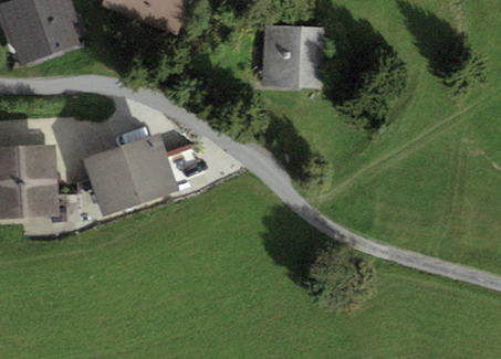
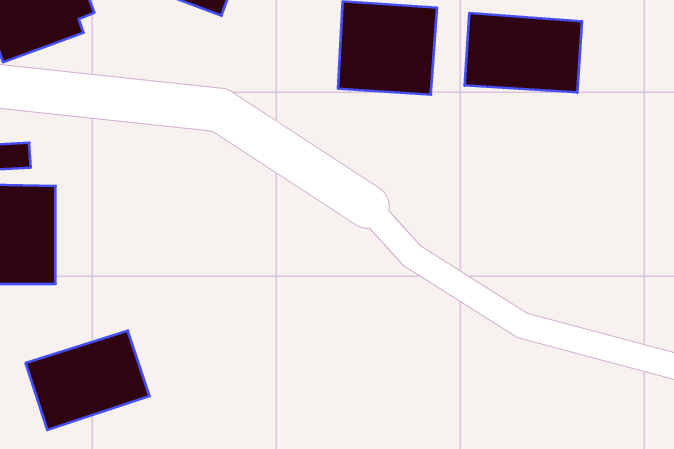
building: none -> [465,13,582,93]
building: [86,141,175,212] -> [26,331,150,430]

